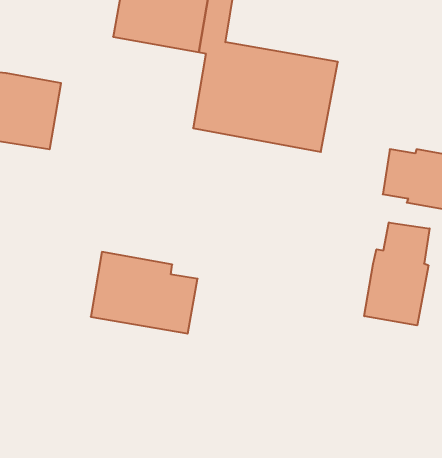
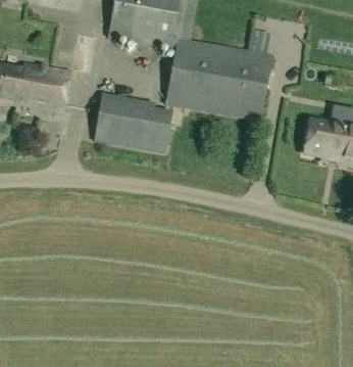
building: [364,222,430,325] -> none
building: [91,252,198,334] -> [95,93,172,152]

